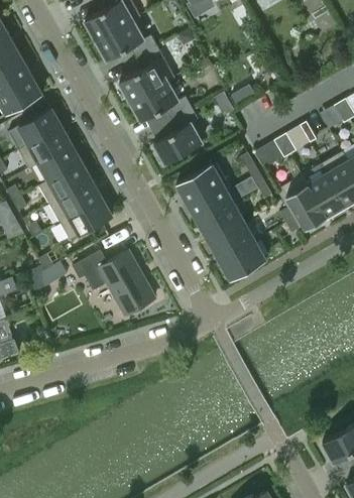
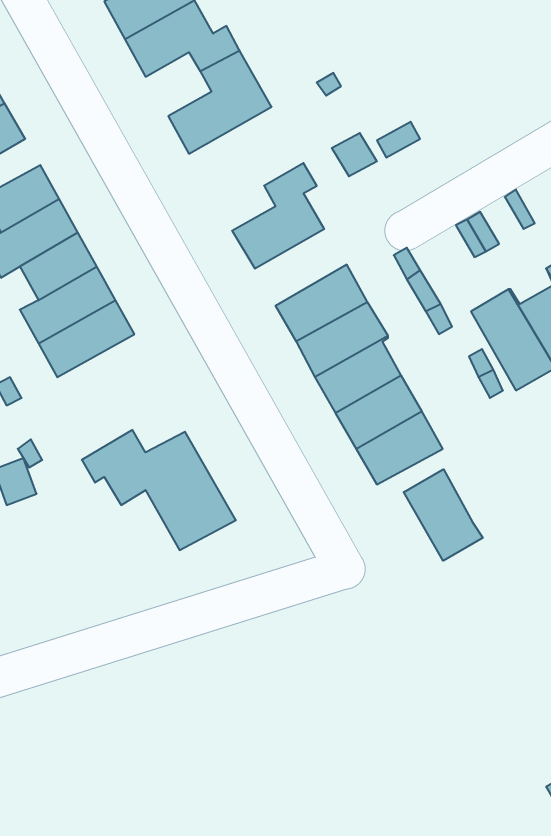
building: [130,78,192,122] -> none
building: [60,200,112,241] -> none
building: none -> [404,469,483,561]

